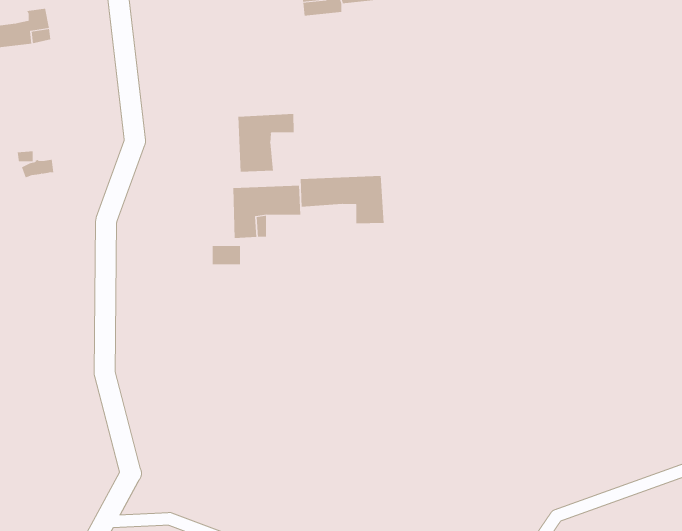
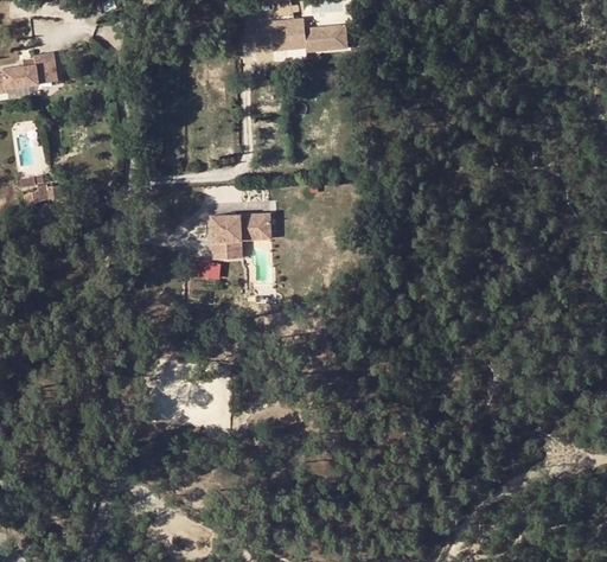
building: [238,113,294,172] -> none
building: [300,175,384,224] -> none

